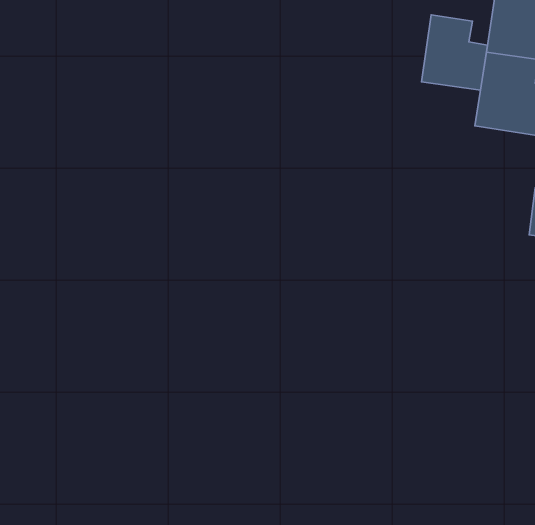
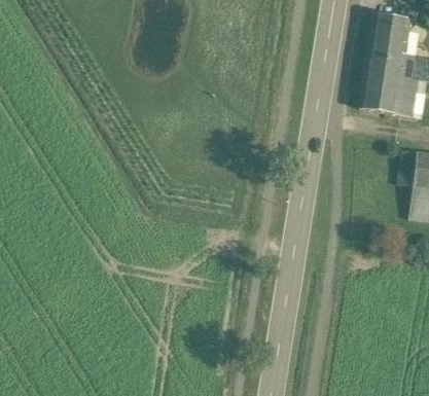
building: [421,15,487,90] -> none

